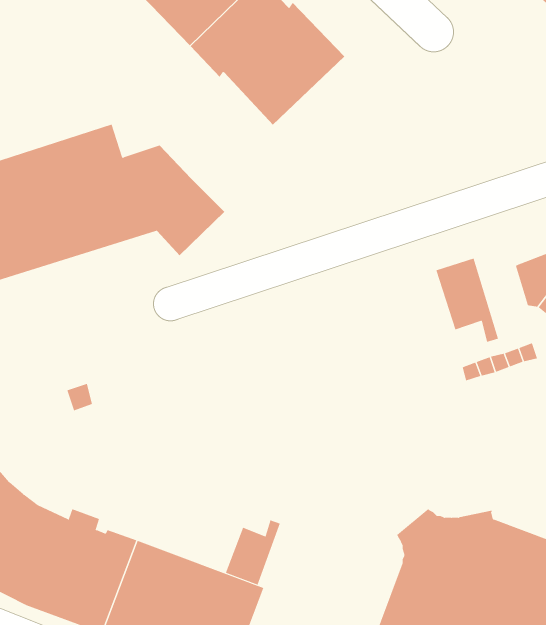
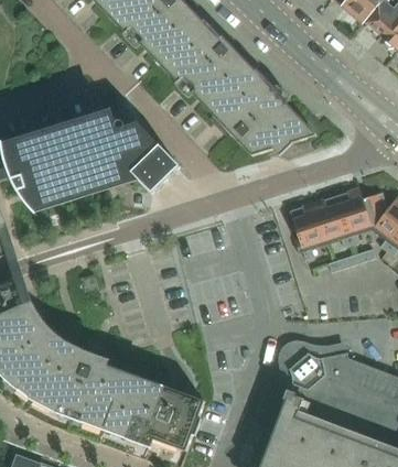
building: none -> [211,68,318,154]
building: none -> [336,186,369,245]
building: none -> [291,202,324,259]
building: [225,519,281,585] -> none

